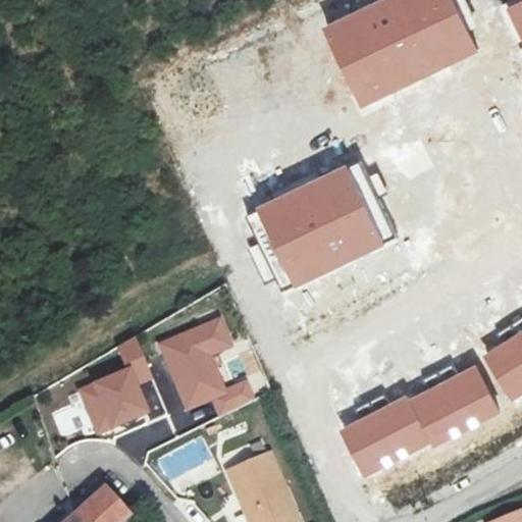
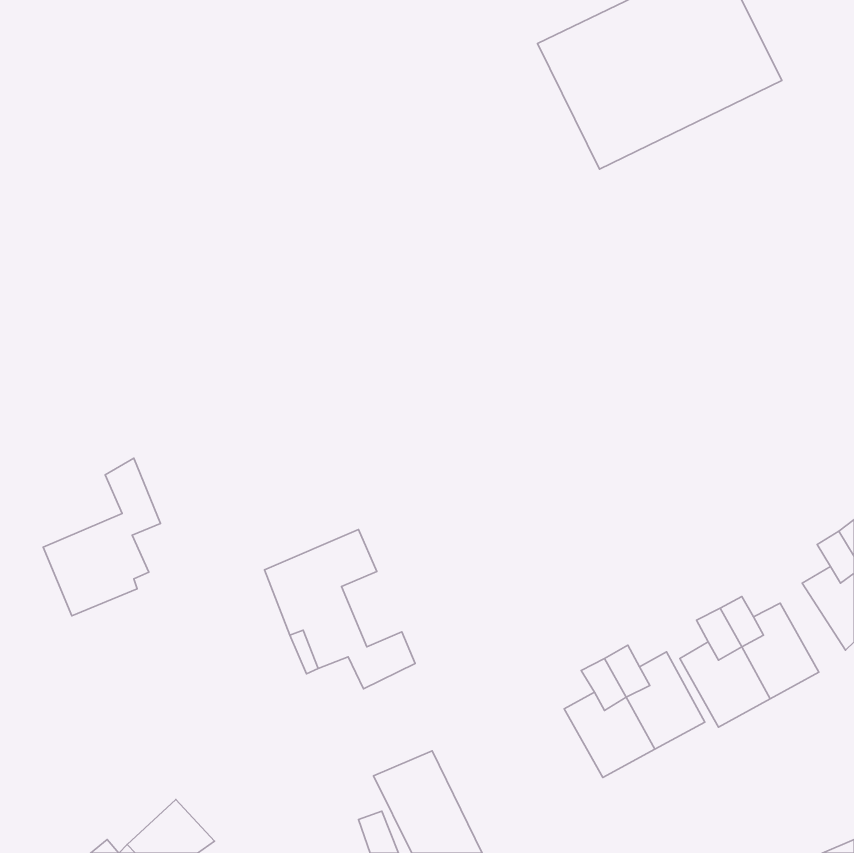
building: [245,161,397,293] -> none
building: [80,338,151,434] -> [43,458,161,616]

